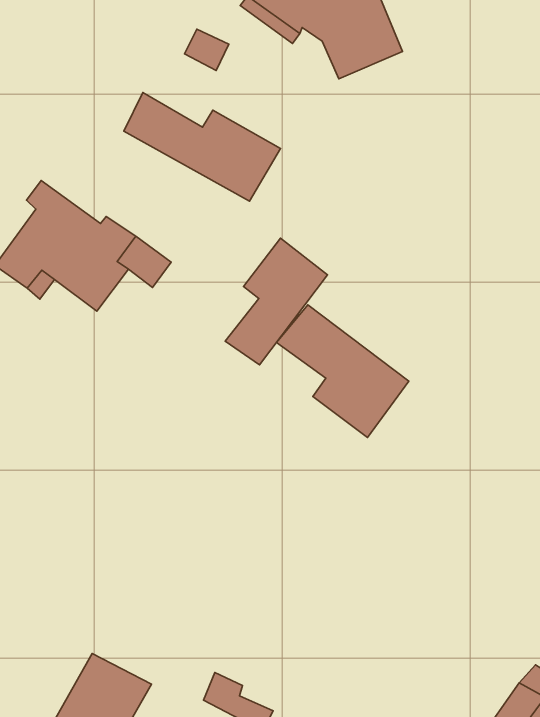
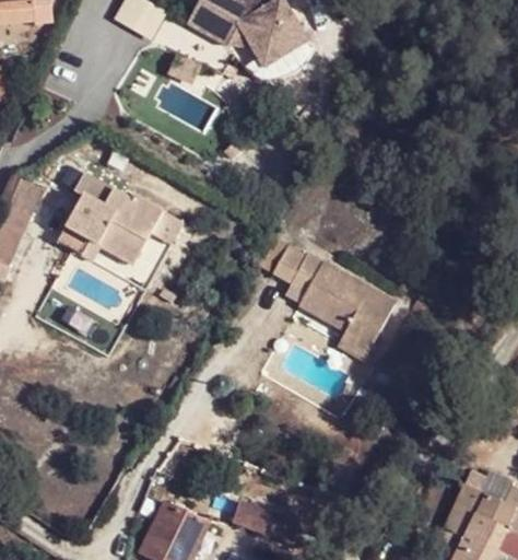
building: [124,93,280,201] -> none
building: [225,238,327,365] -> none
building: none -> [328,282,400,362]

